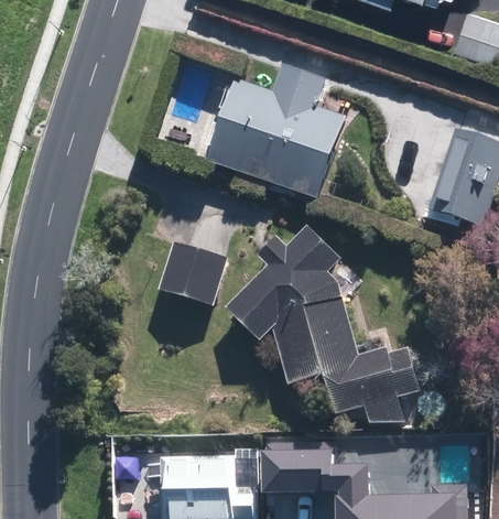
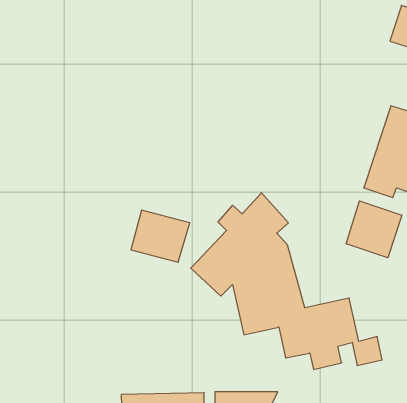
building: [207,63,348,199] -> none
building: none -> [346,201,402,258]

